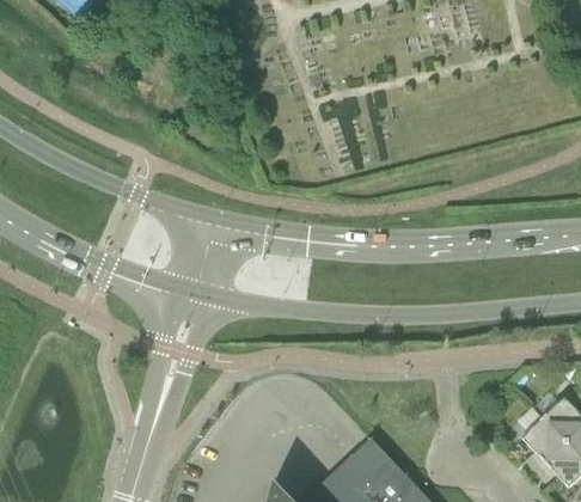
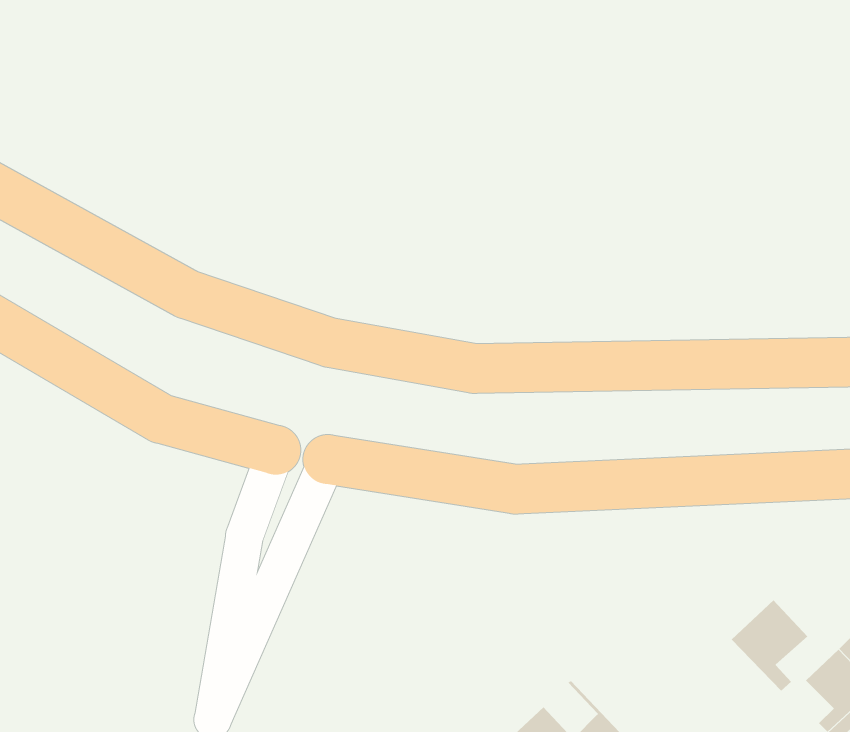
building: none -> [731,600,808,691]

